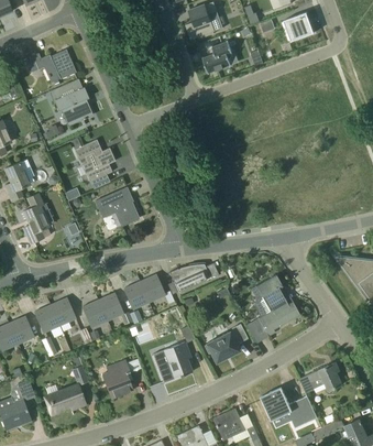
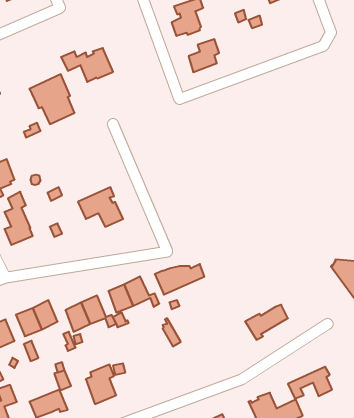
building: [285,12,314,41] -> none
building: [25,50,76,83] -> [61,48,113,82]
building: [70,138,114,182] -> none
building: [255,274,287,313] -> none
building: [205,324,246,363] -> none
building: [164,342,191,379] -> none

